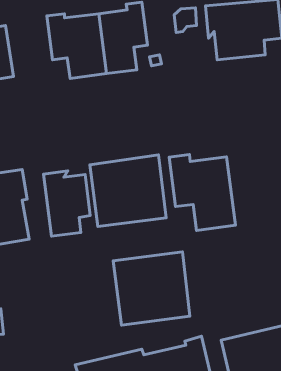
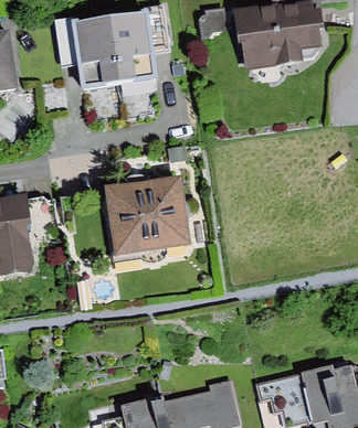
building: [169,155,235,230] -> none
building: [43,171,90,236] -> none
building: [113,252,190,325] -> none

